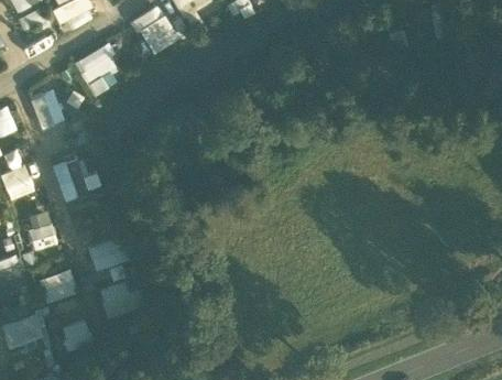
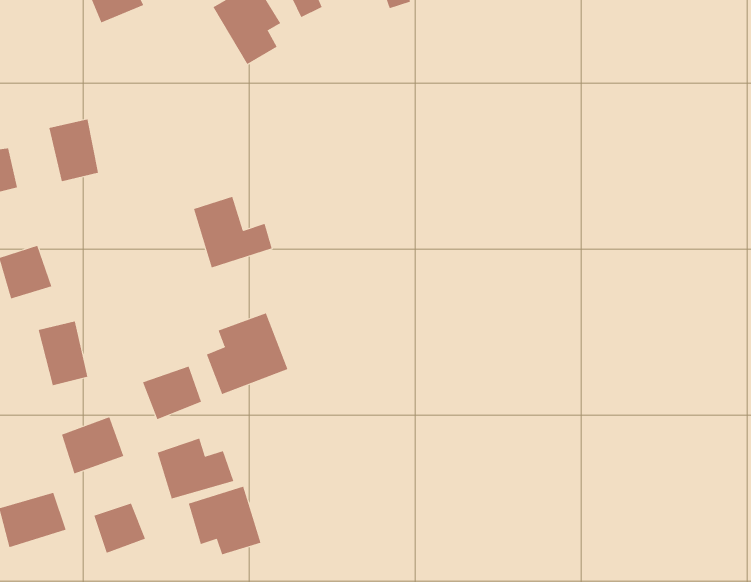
building: [76,44,117,95] -> none
building: [53,155,101,199] -> [193,196,272,268]
building: none -> [206,312,288,395]
building: none -> [188,486,261,555]

